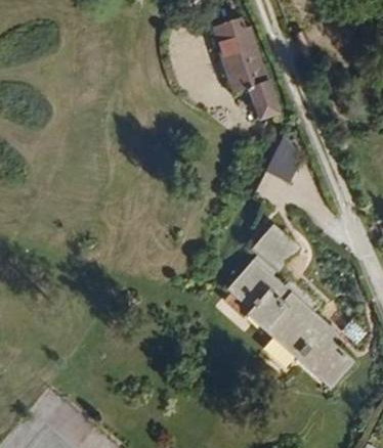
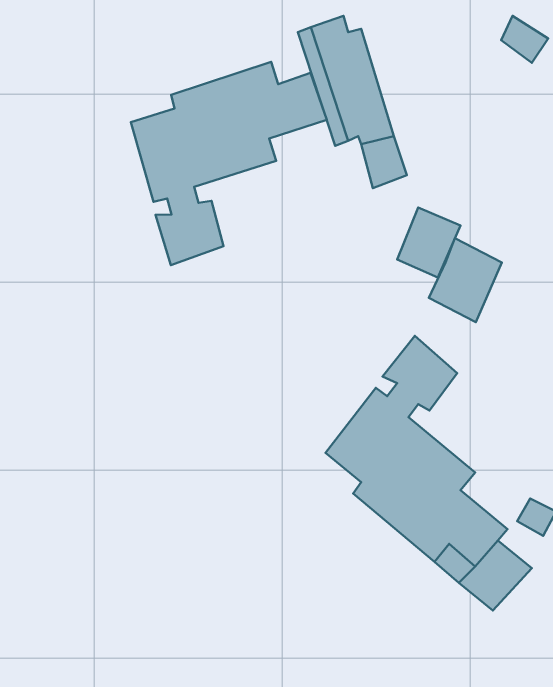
building: none -> [131,62,327,265]
building: none -> [429,238,502,322]

